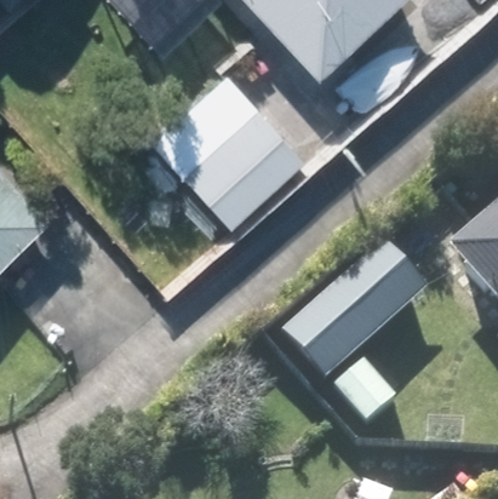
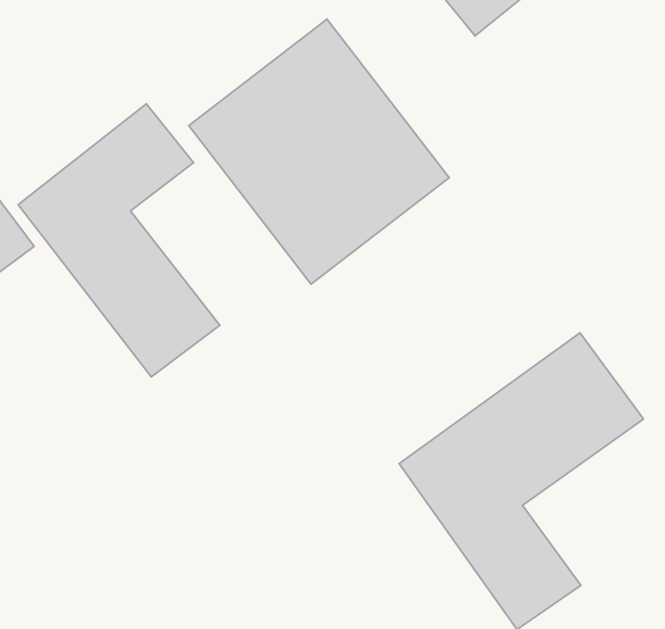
building: none -> [18,104,220,377]

